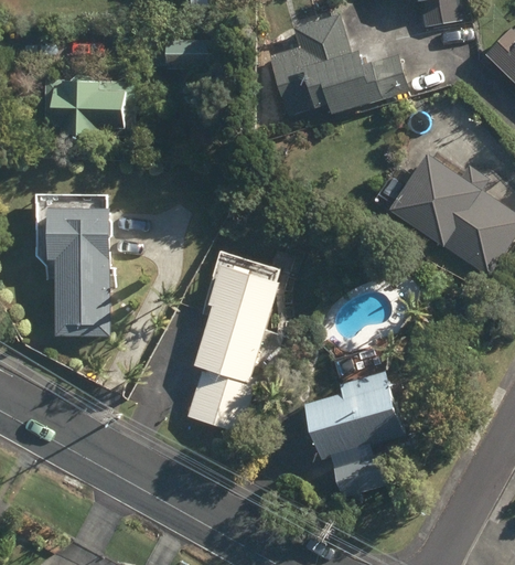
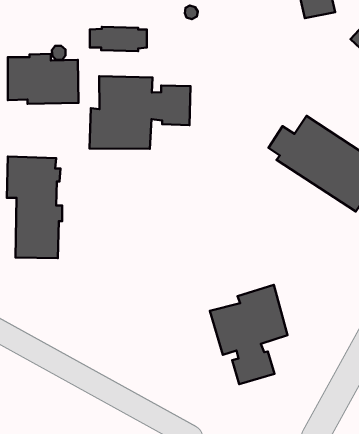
building: [271,13,408,118] -> none
building: none -> [89,76,190,149]
building: [187,265,278,431] -> none

